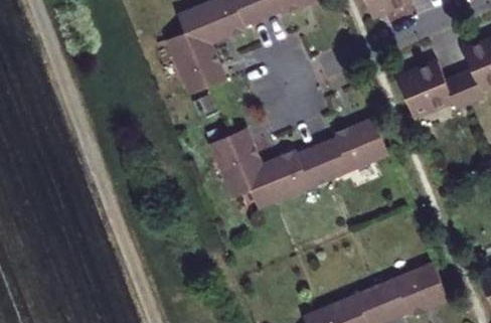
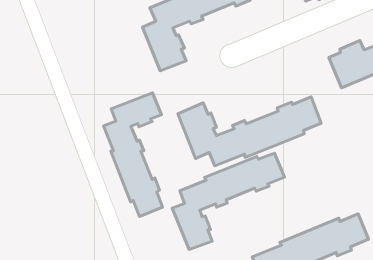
building: none -> [103,93,163,216]
building: none -> [172,153,285,249]

